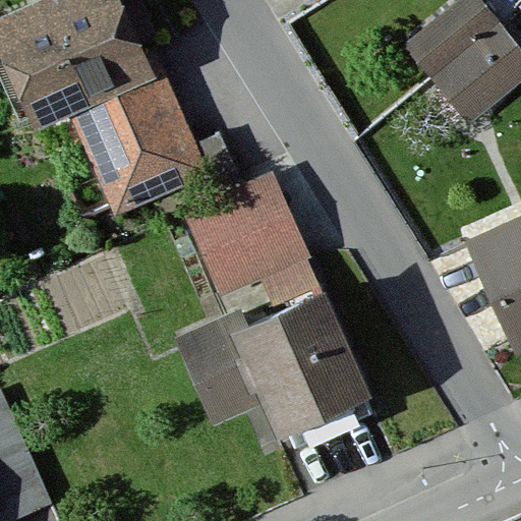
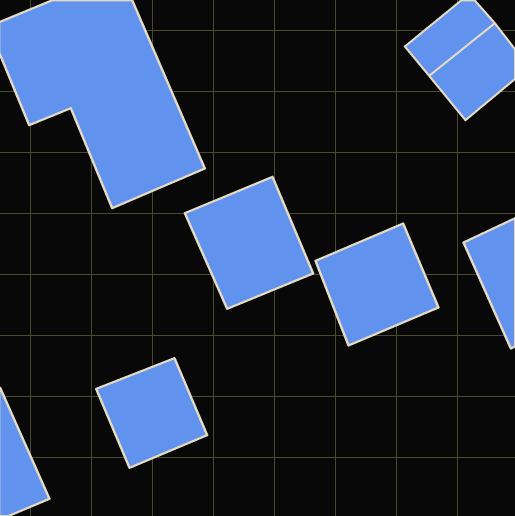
building: none -> [315,224,438,346]
building: [178,276,367,441] -> none
building: none -> [96,358,207,468]

